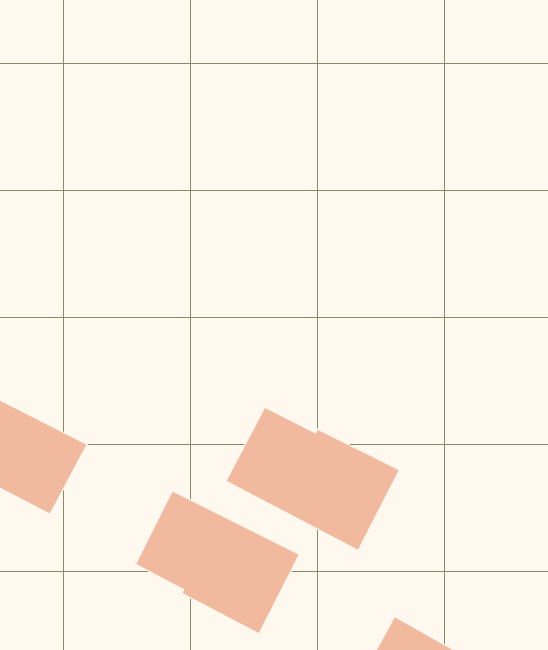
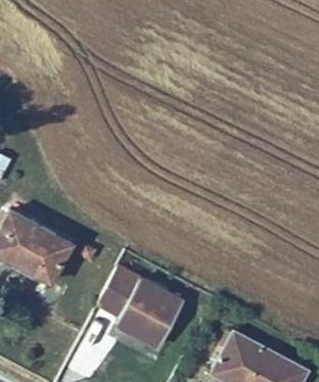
building: [226,407,399,550] -> none

